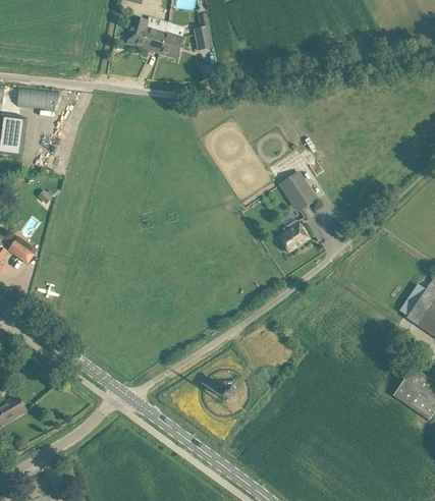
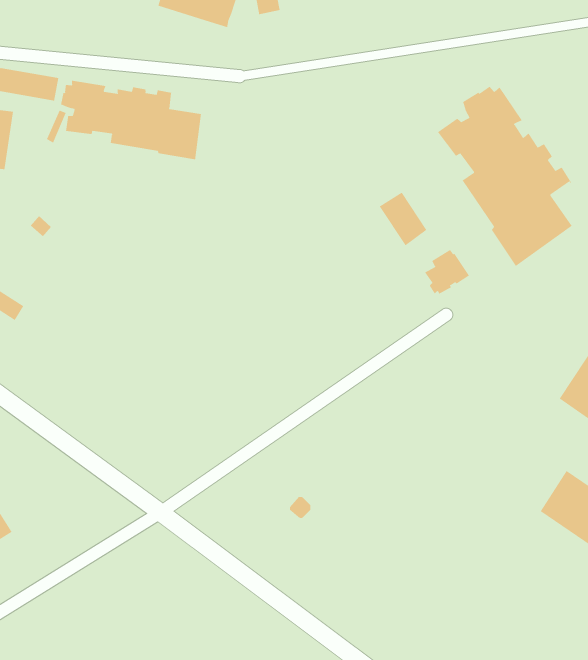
building: none -> [61,80,201,160]
building: none -> [437,86,572,267]
building: [277,220,309,252] -> [424,249,470,295]

